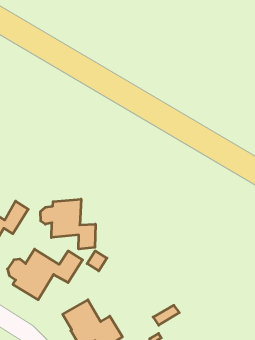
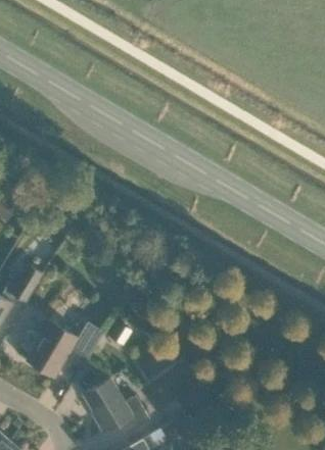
building: [41,199,95,249] -> none

